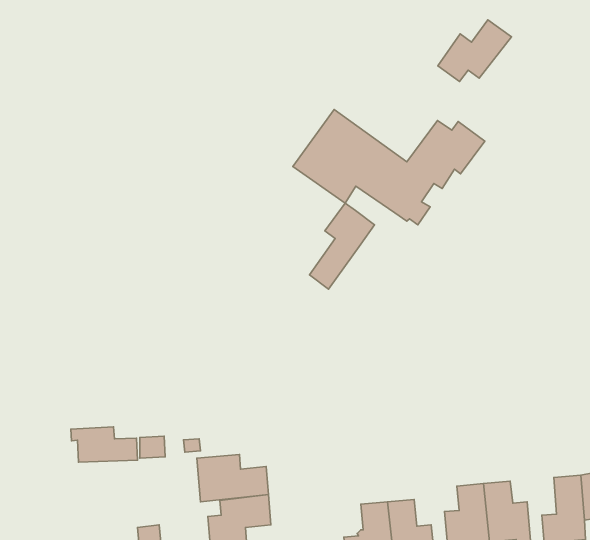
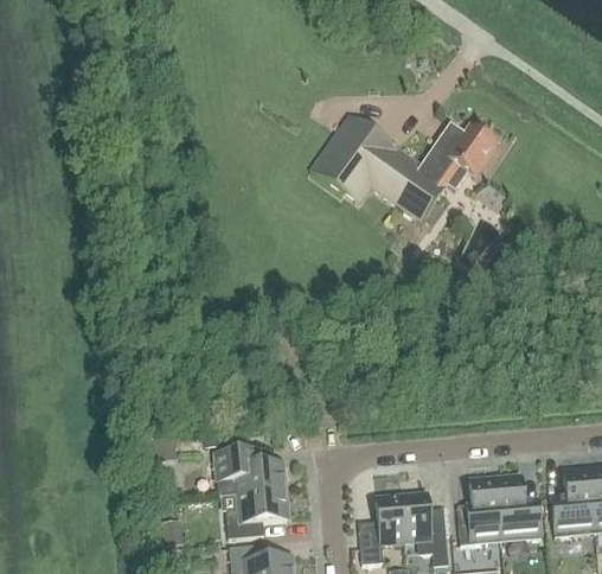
building: [438,20,511,82] -> none
building: [309,203,374,289] -> none
building: [71,427,138,462] -> none

